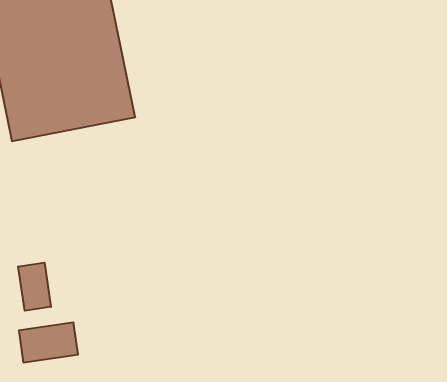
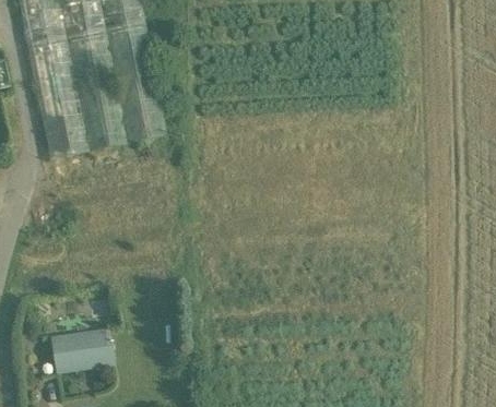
building: [18,263,51,311] -> none

